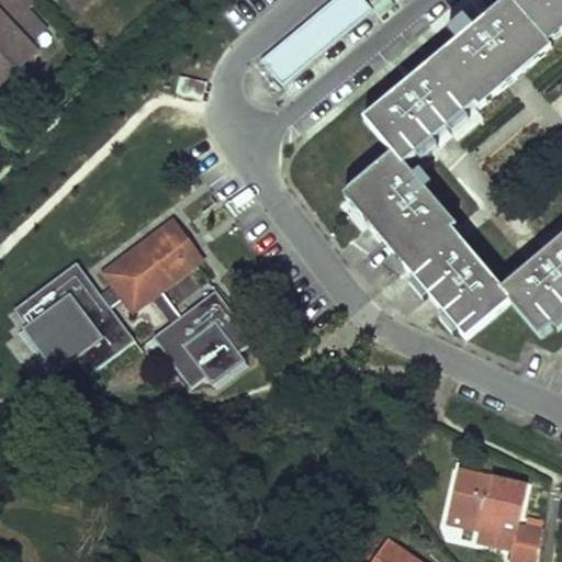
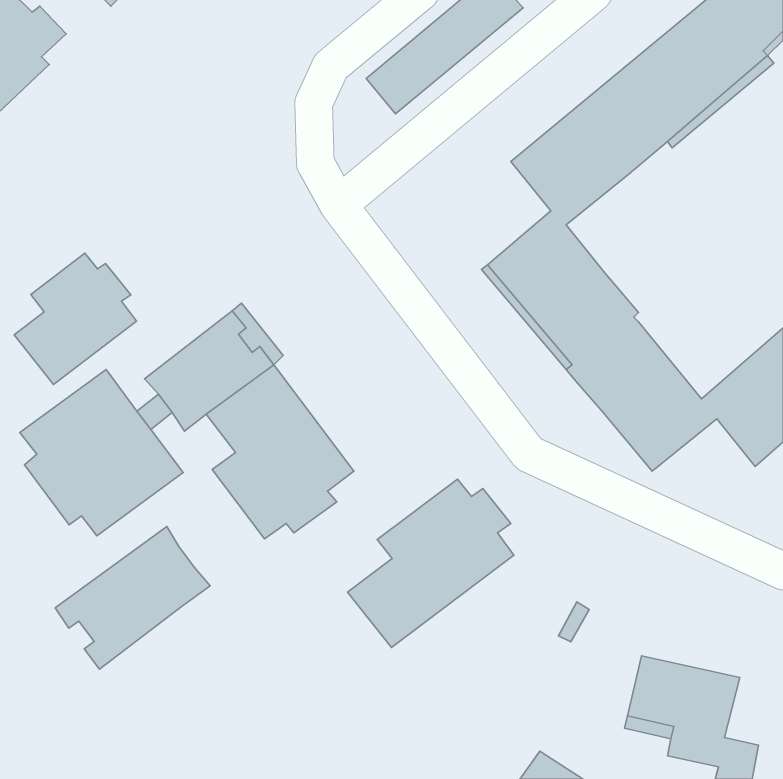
building: none -> [14,253,137,385]
building: none -> [347,479,514,648]
building: none -> [55,527,210,669]

